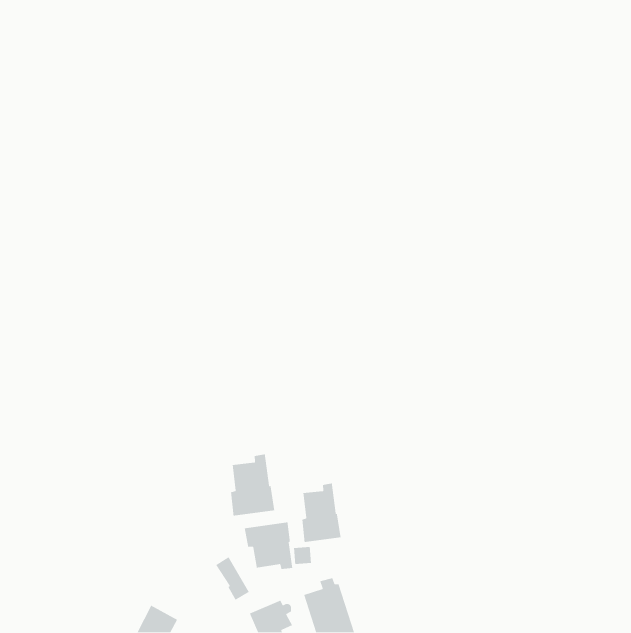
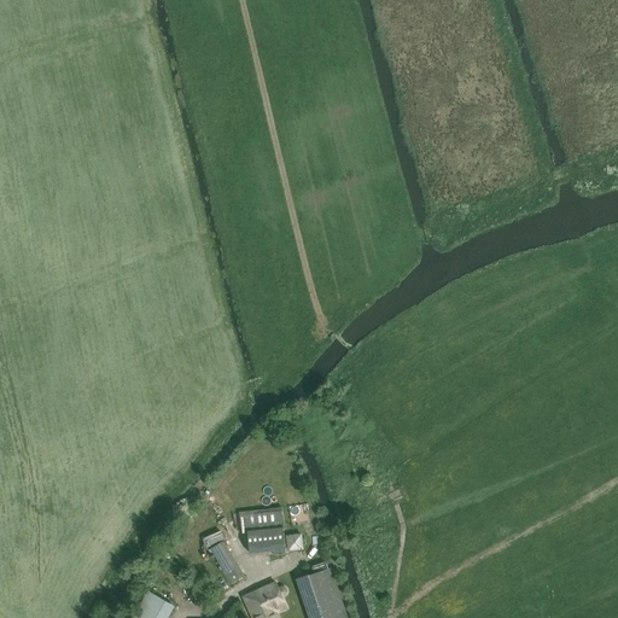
building: [230,453,275,517] -> none
building: [301,482,341,543] -> none

